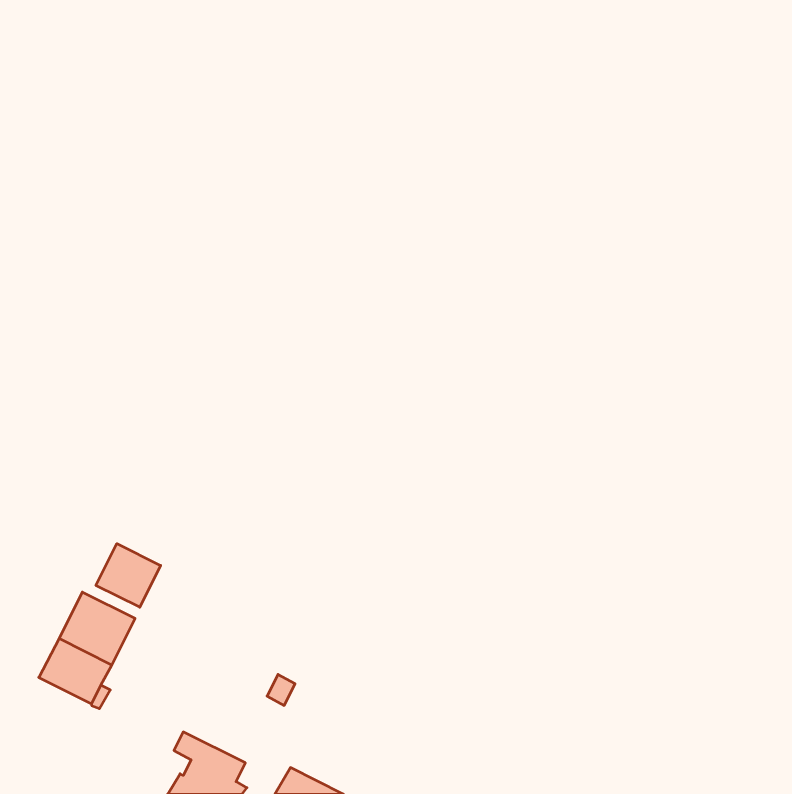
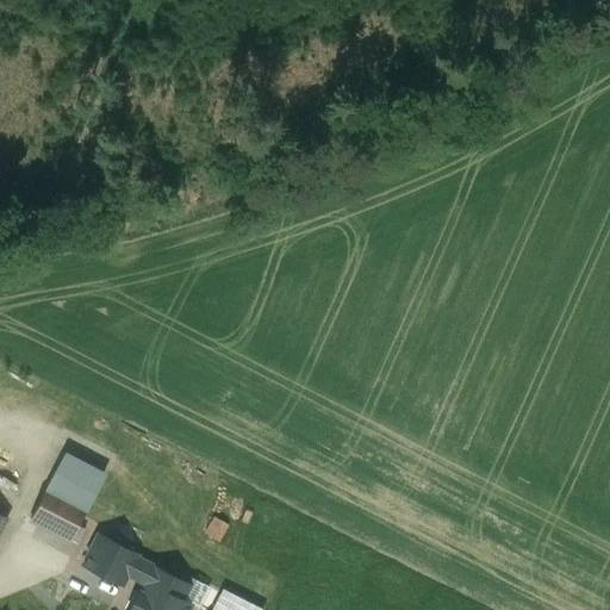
building: [96,544,161,607] -> none
building: none -> [85,536,142,585]

